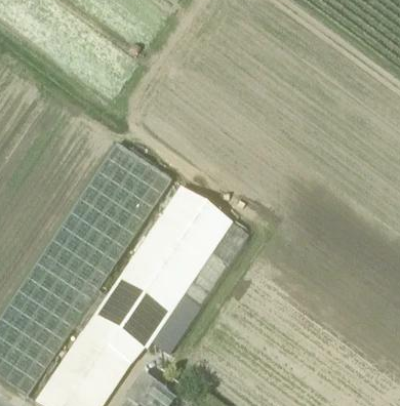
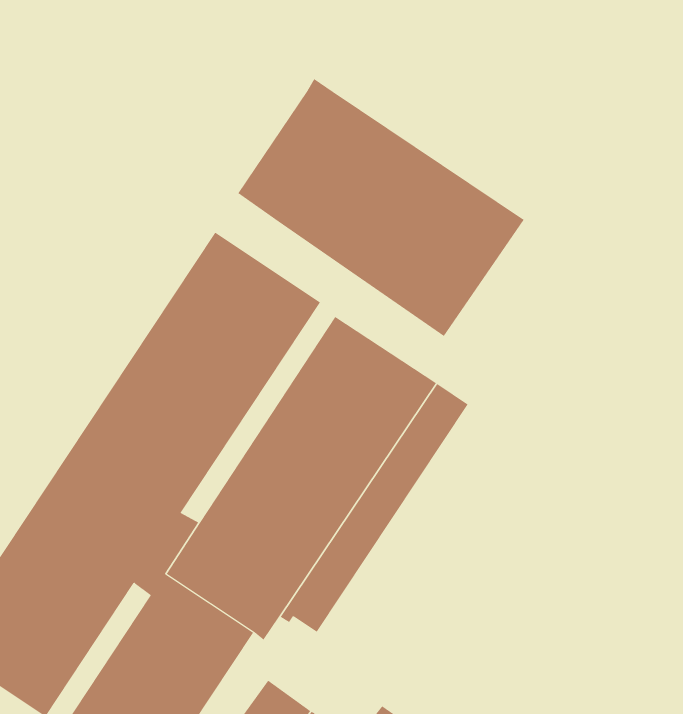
building: none -> [237,78,524,337]

